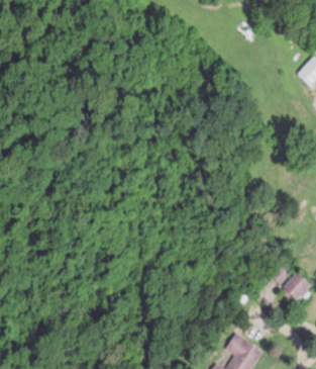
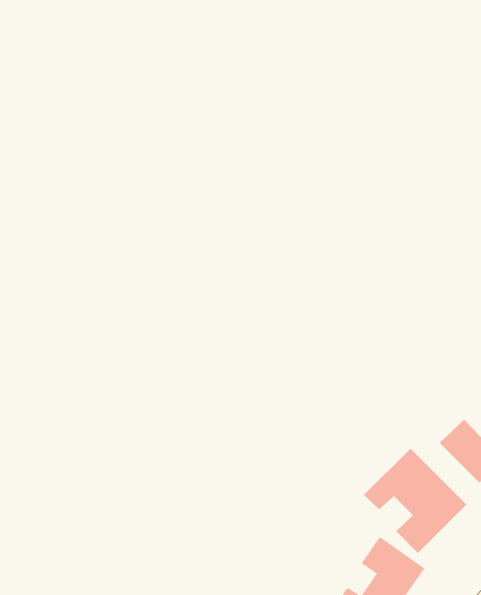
building: none -> [363,448,467,554]

